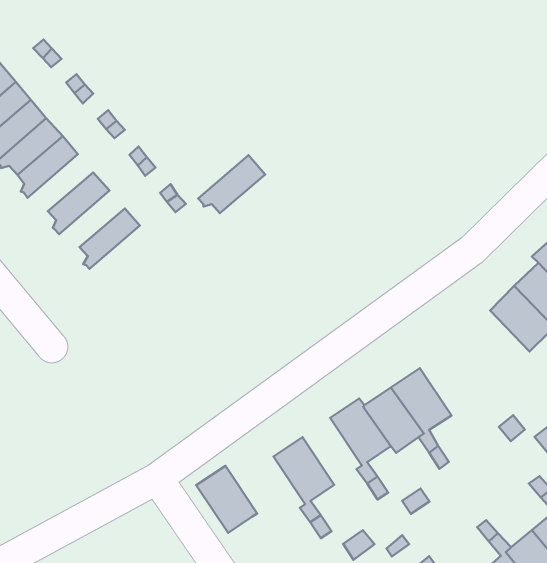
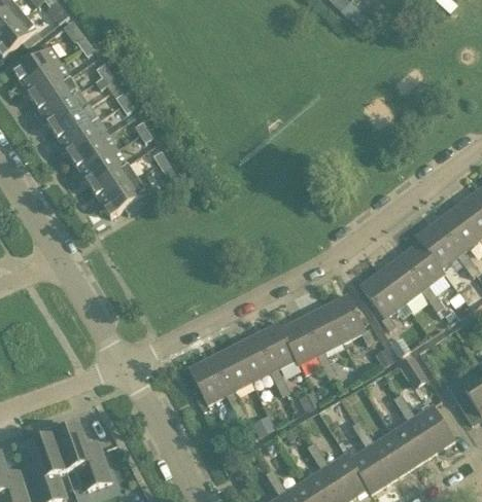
building: none -> [59,120,108,158]
building: [198,155,265,213] -> [97,177,147,216]
building: none -> [78,149,128,187]
building: none -> [360,270,406,330]
building: none -> [325,293,376,345]
building: none -> [235,332,275,381]
building: [196,466,257,533] -> [190,355,231,403]

